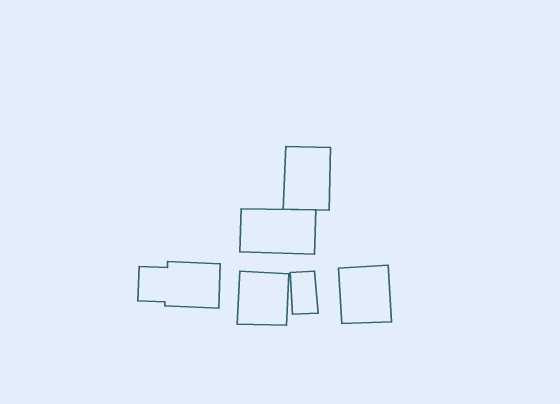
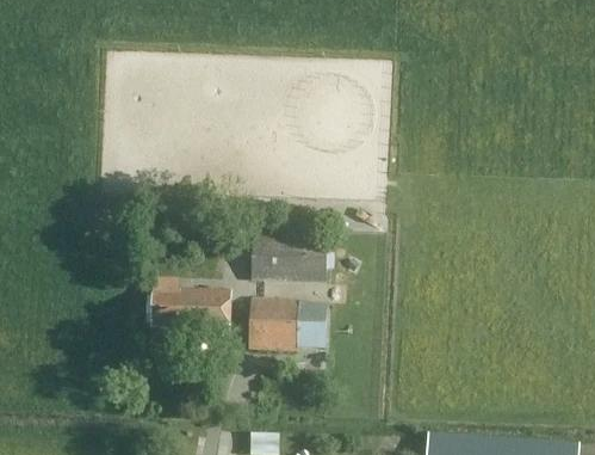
building: [283,146,330,210] -> none
building: [339,265,392,324] -> none

